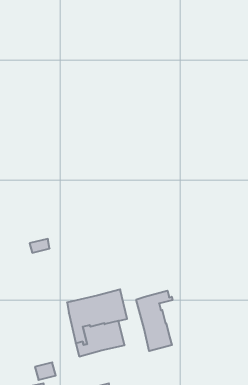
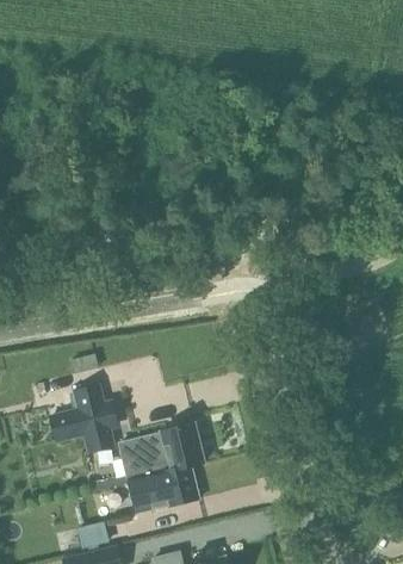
building: none -> [46,383,117,453]
building: [136,291,173,351] -> none

